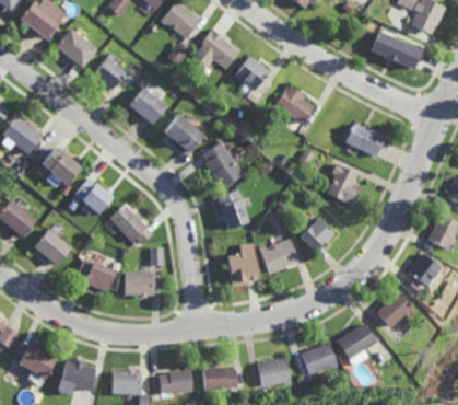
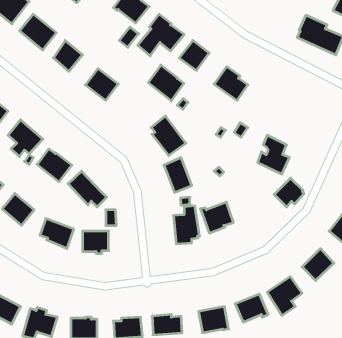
building: [164,114,204,154] -> [148,65,184,101]
building: [344,126,383,159] -> none
building: [298,219,332,252] -> [274,178,304,207]

